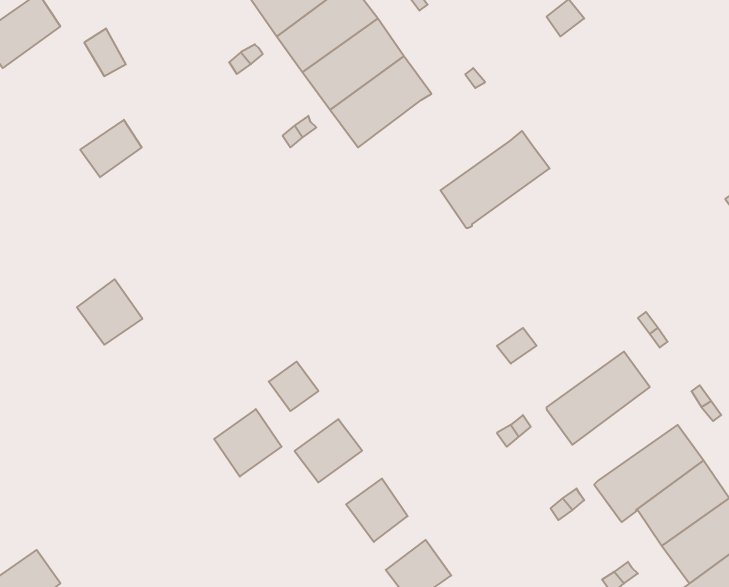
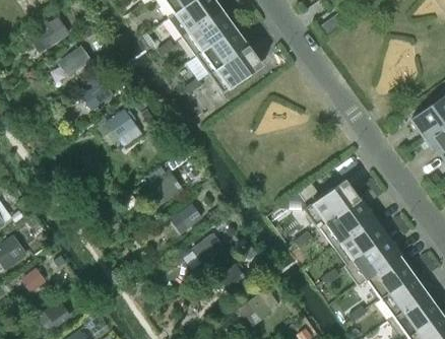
building: none -> [57,45,91,77]
building: [440,131,550,228] -> [304,179,360,228]
building: [77,279,142,345] -> [105,107,138,140]
building: none -> [333,216,387,264]
building: [214,409,282,477] -> [148,170,183,204]

